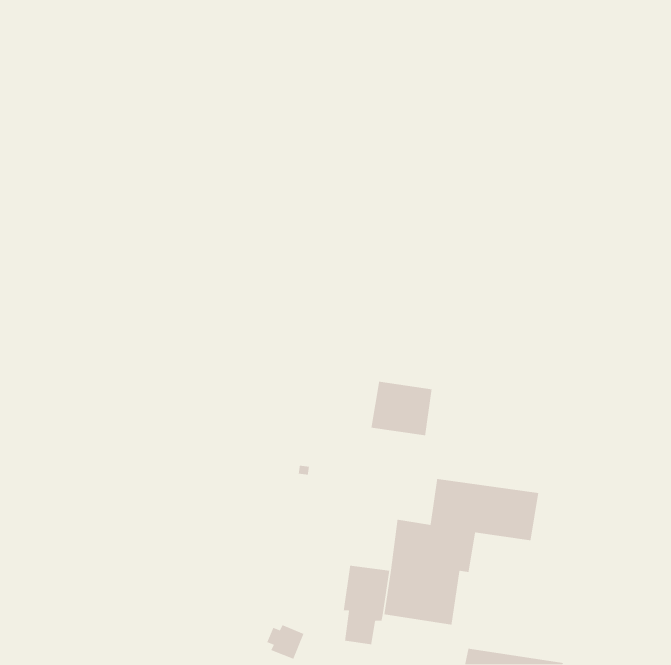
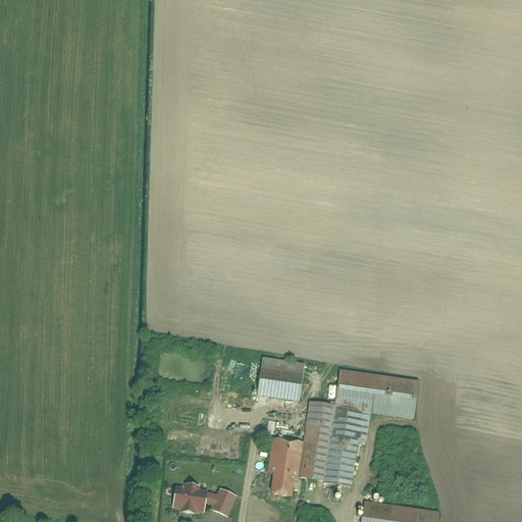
building: [370,381,432,436] -> [256,359,304,402]
building: none -> [173,477,209,509]

